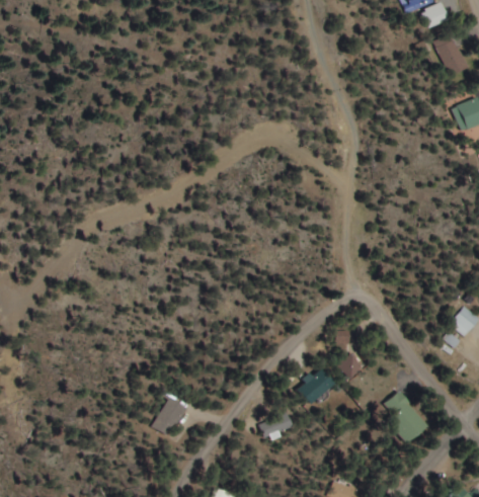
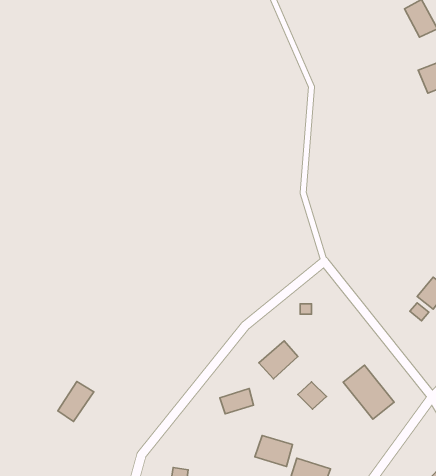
building: [335,352,363,379] -> [298,382,326,409]
building: [151,397,185,435] -> [58,381,94,422]
building: none -> [255,435,292,467]

